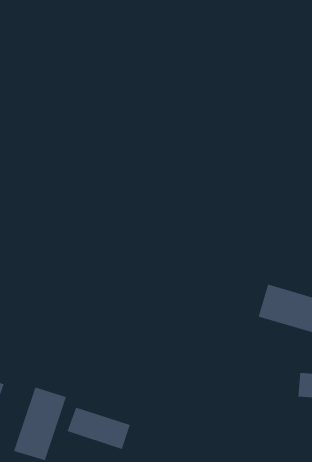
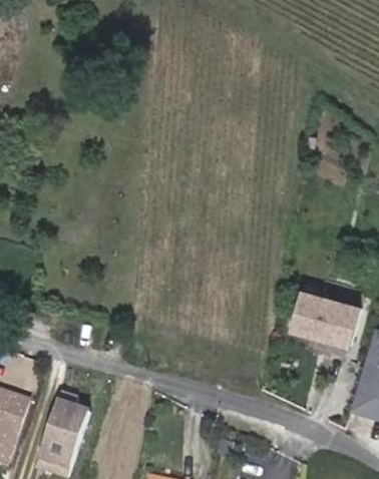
building: [67,407,131,450] -> none

